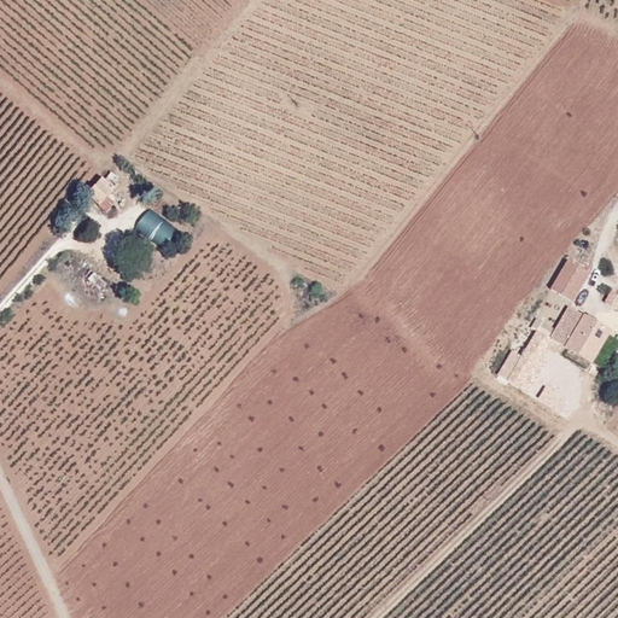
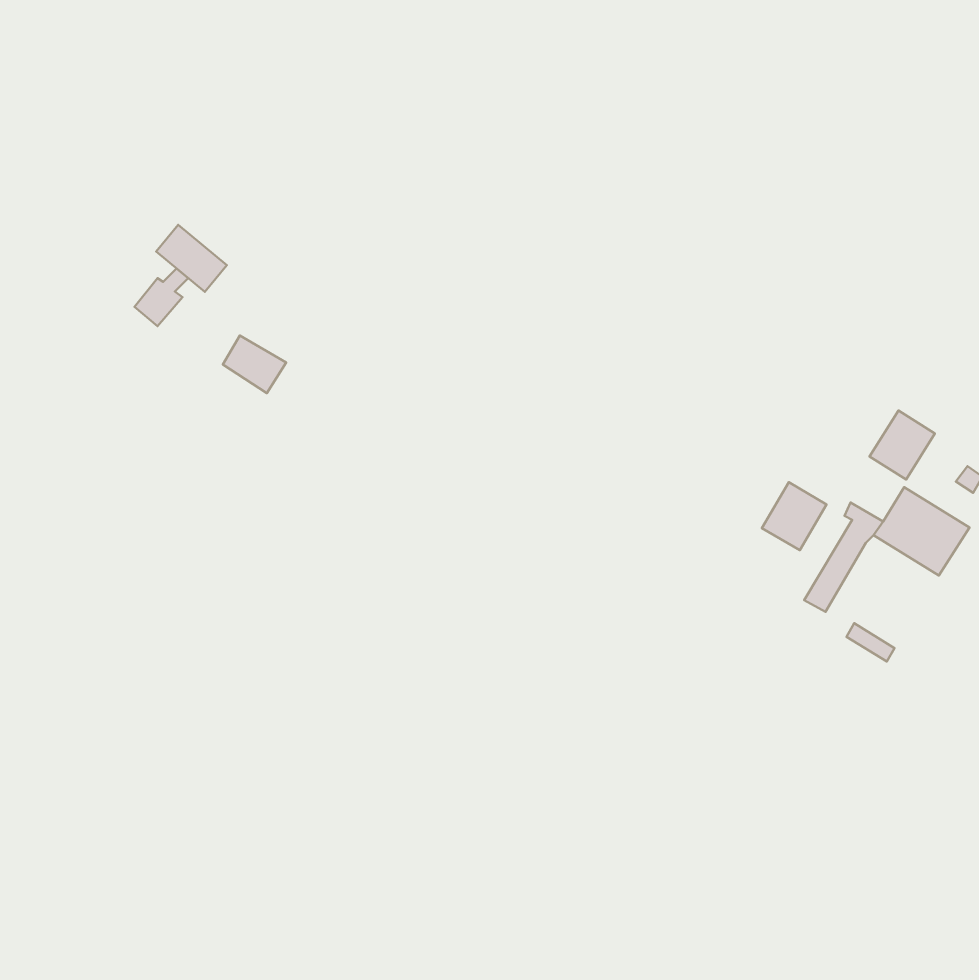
building: none -> [156,225,227,292]
building: none -> [762,482,827,550]

